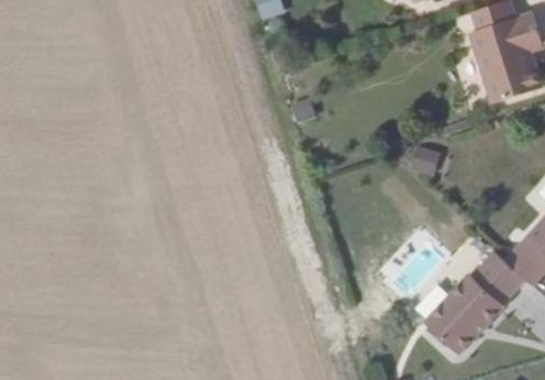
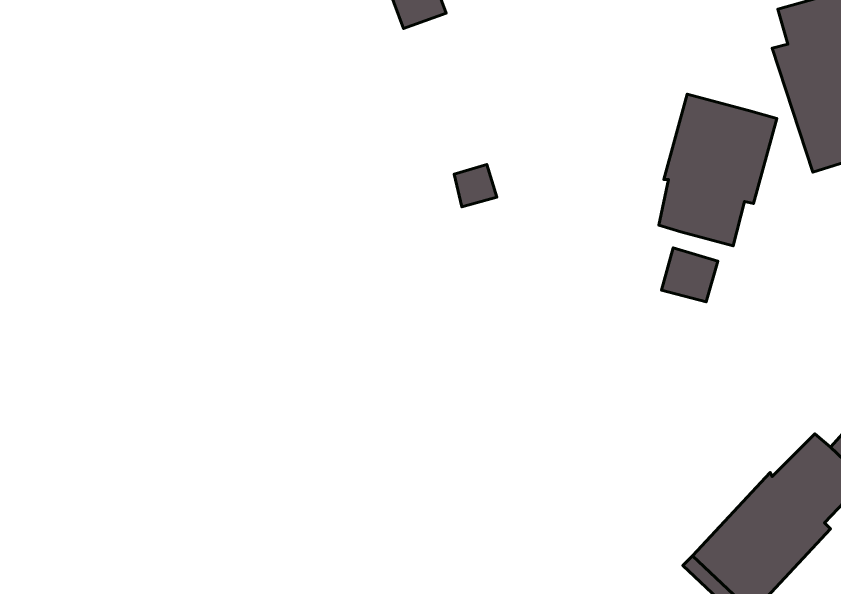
building: none -> [659,94,777,246]

